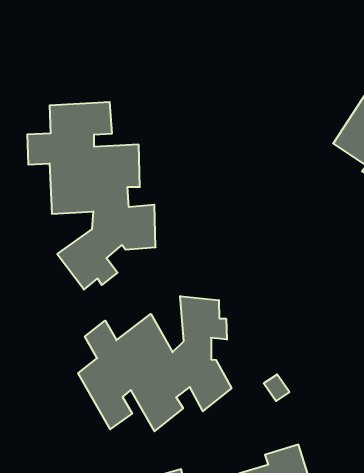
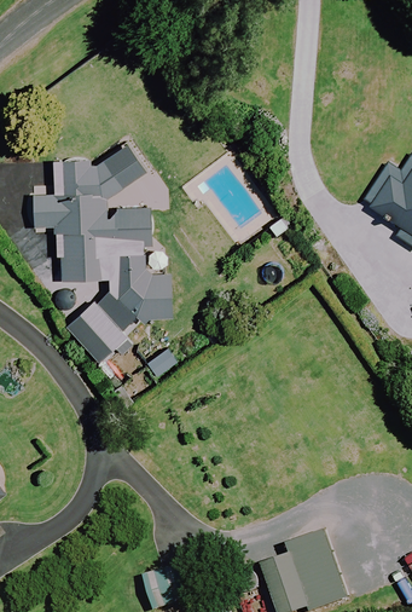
building: [78,296,231,431] -> none

